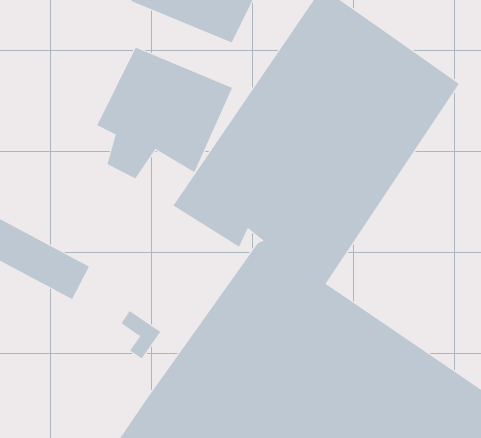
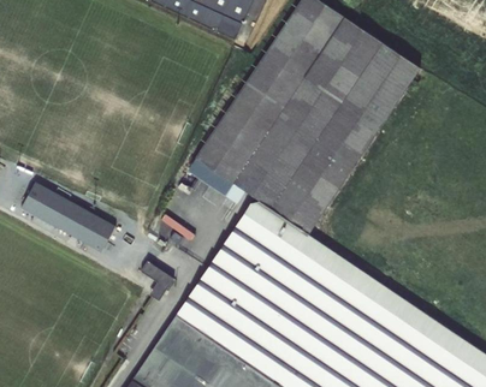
building: [96,47,233,179] -> none

